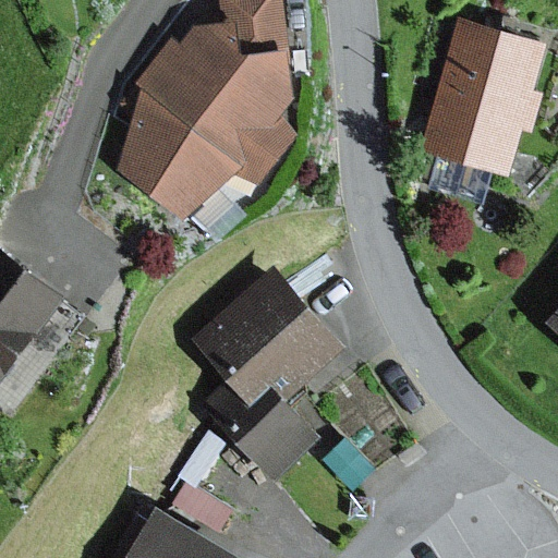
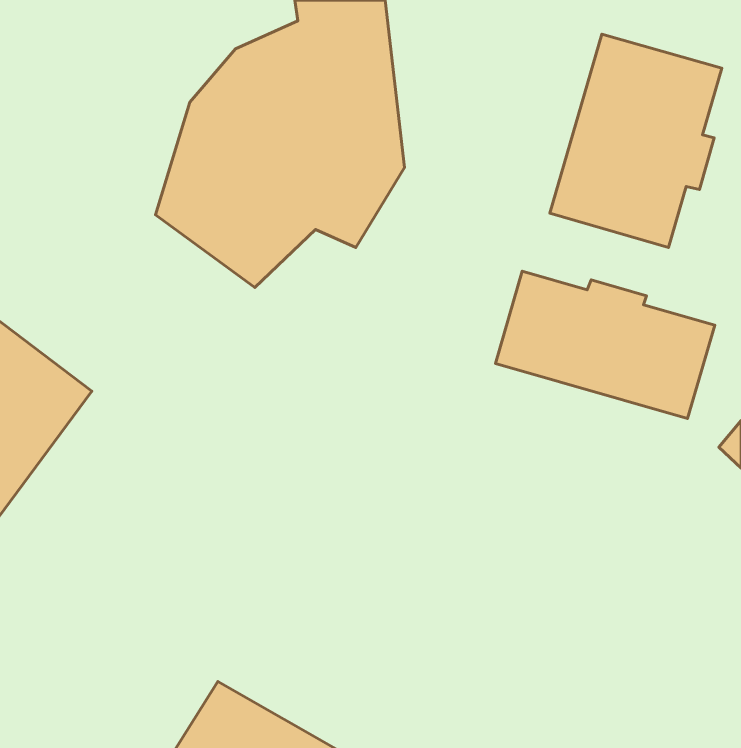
building: none -> [496,271,715,418]
building: [193,267,344,474] -> none

